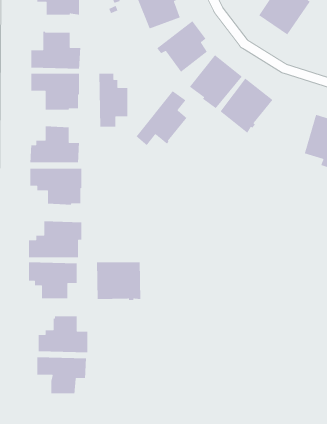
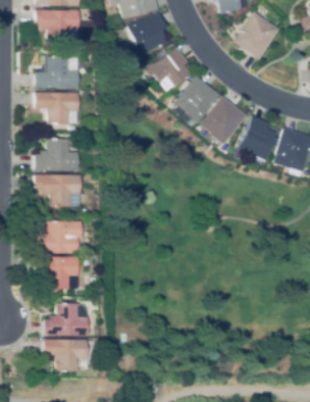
building: [99,73,128,127] -> none
building: [136,90,188,146] -> none
building: none -> [238,115,276,160]
building: [96,261,141,301] -> none

